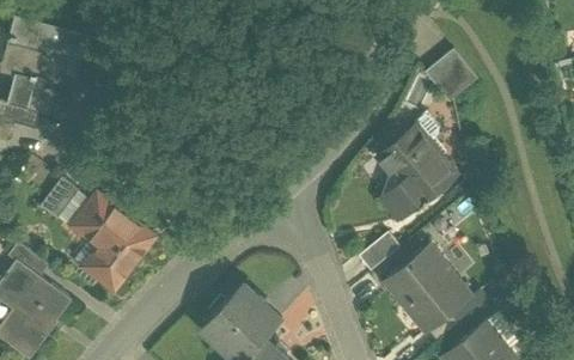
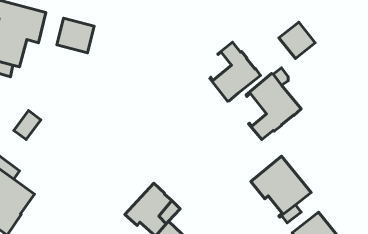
building: none -> [57,18,94,53]
building: none -> [210,42,261,101]
building: [71,193,154,291] -> none
building: [358,232,401,271] -> none

